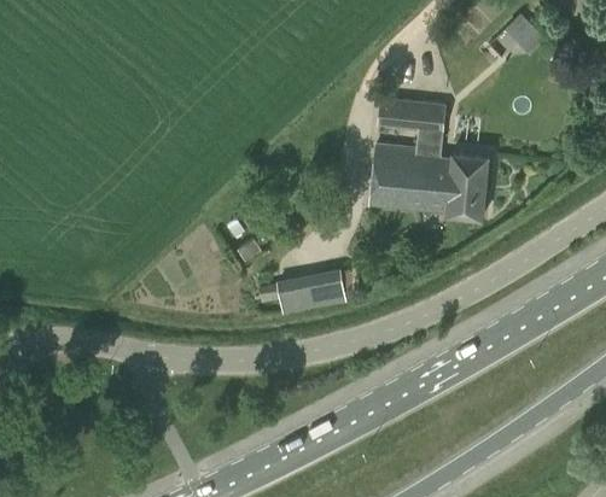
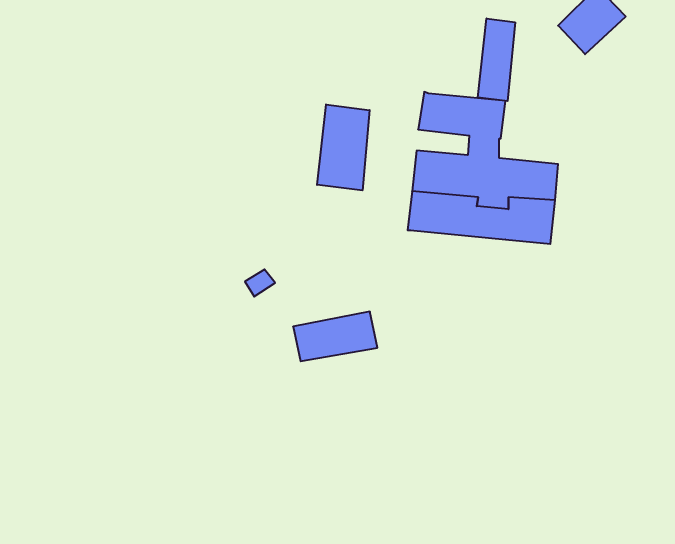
building: none -> [478,18,515,101]
building: none -> [317,104,370,190]

